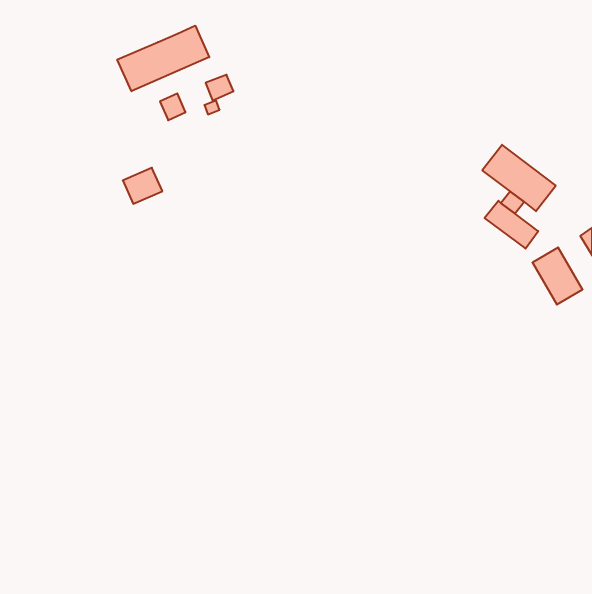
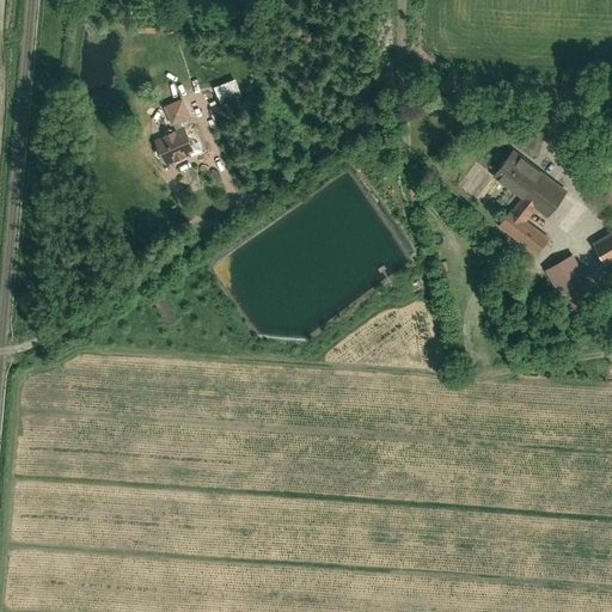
building: [117,26,209,91] -> none
building: [123,168,162,204] -> [154,129,195,166]

